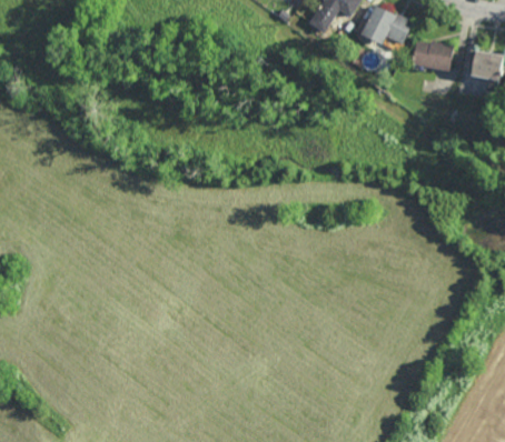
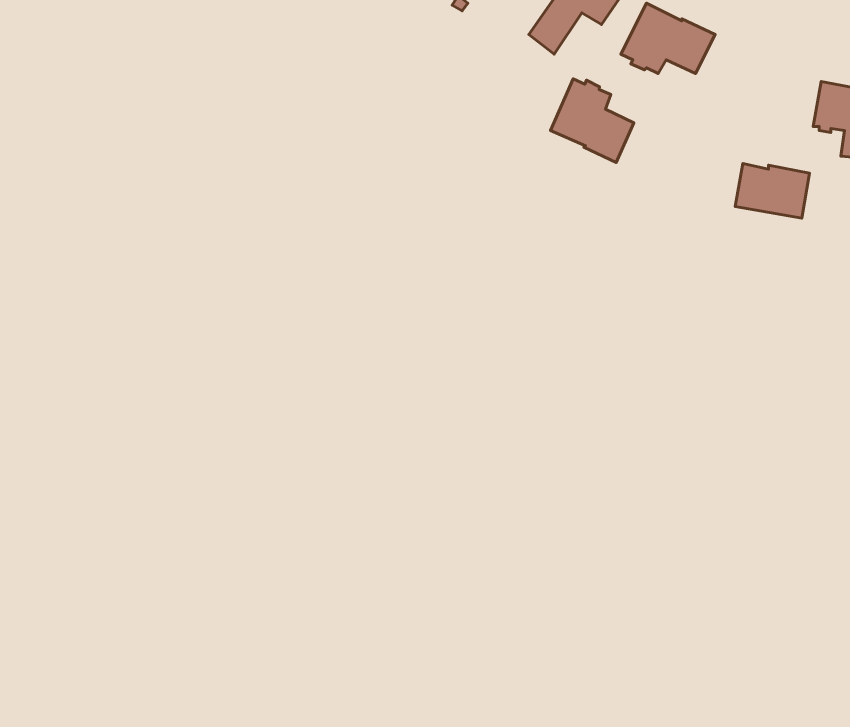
building: [412,40,454,71] -> [735,163,810,218]
building: none -> [550,79,634,162]

